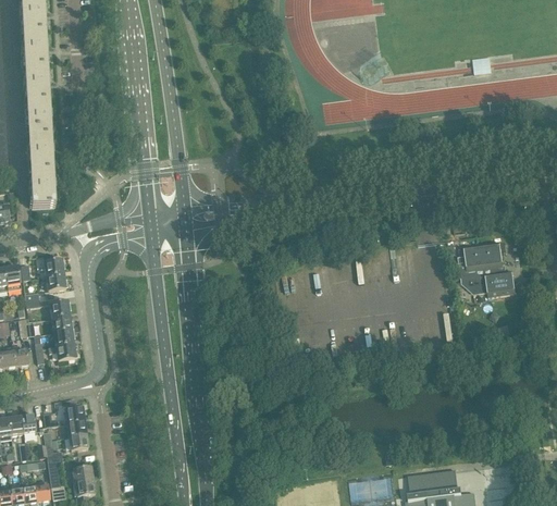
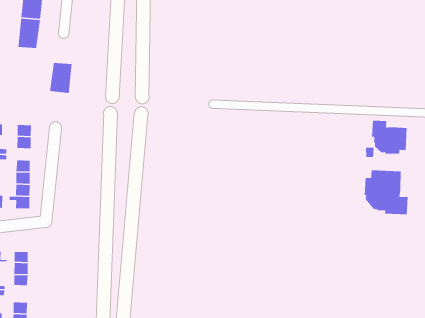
building: [30,170,55,207] -> [49,62,73,94]
building: none -> [371,120,407,155]

